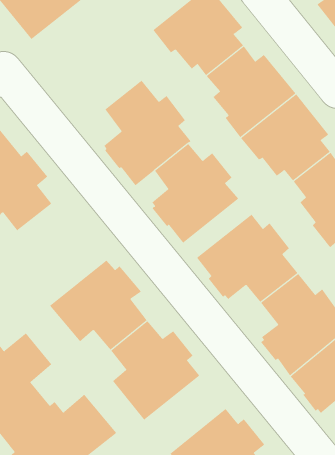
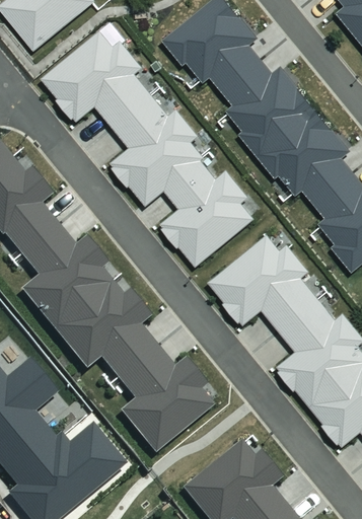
building: none -> [42,28,152,123]
building: none -> [19,222,115,330]

